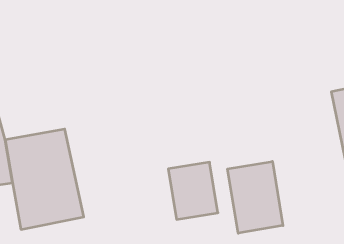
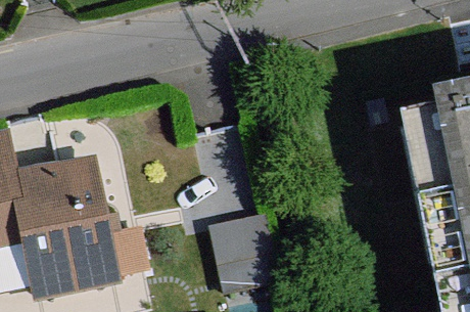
building: [228,161,283,233] -> none

